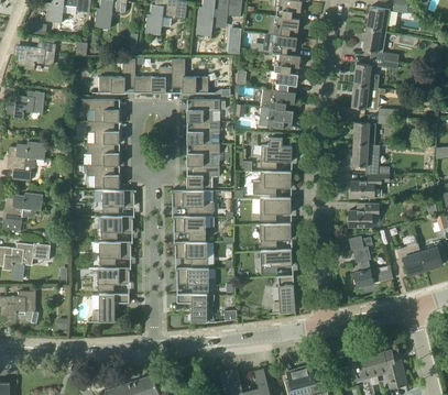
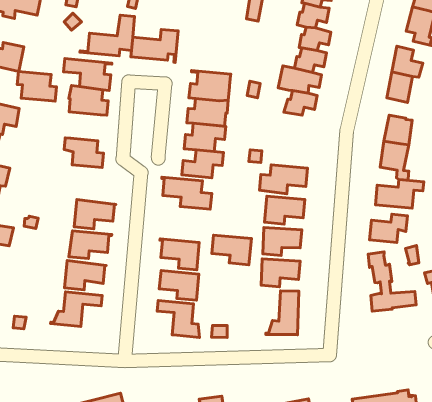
building: [172,58,208,92] -> none
building: [260,138,292,168] -> none
building: [86,143,119,165] -> [17,71,56,101]
building: [102,190,135,212] -> none
building: [173,217,205,239] -> [212,235,251,265]

